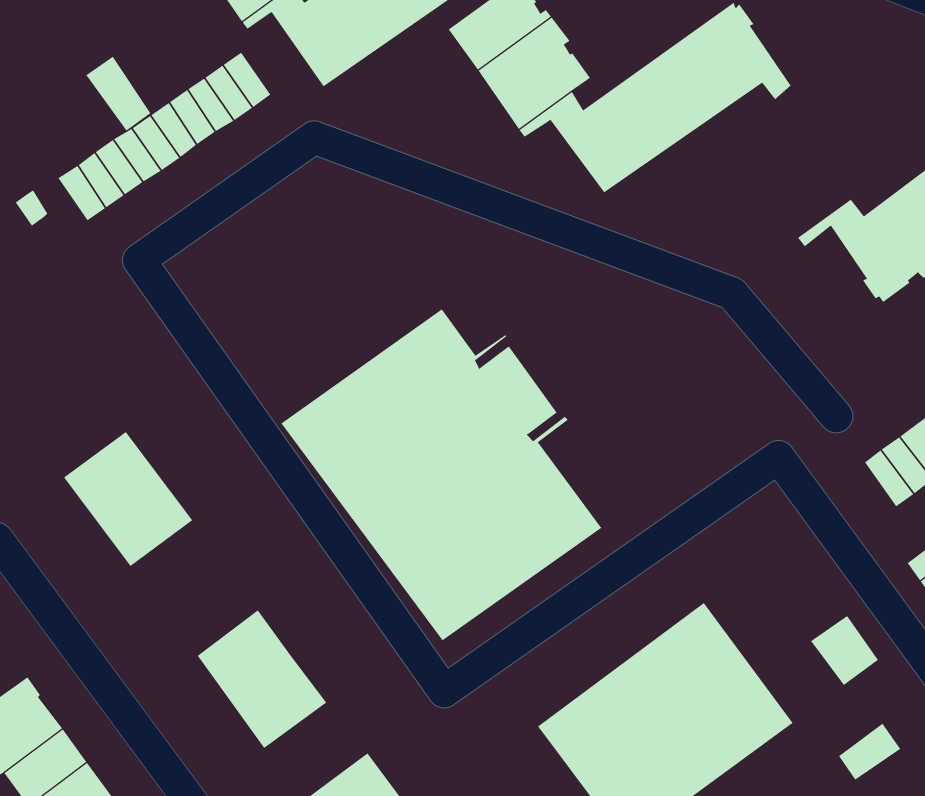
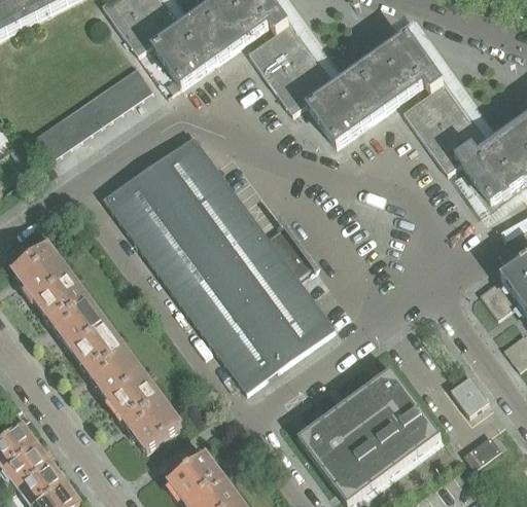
building: [86,56,151,131] -> none
building: none -> [403,82,483,169]
building: none -> [103,138,246,271]
building: none -> [13,245,71,301]
building: none -> [73,325,144,400]

